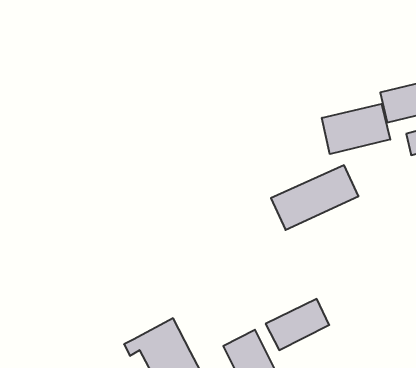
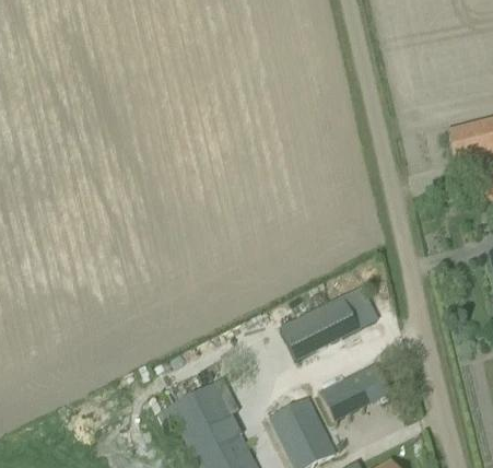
building: [322,104,390,154] -> none
building: [271,165,359,230] -> [280,285,379,359]

